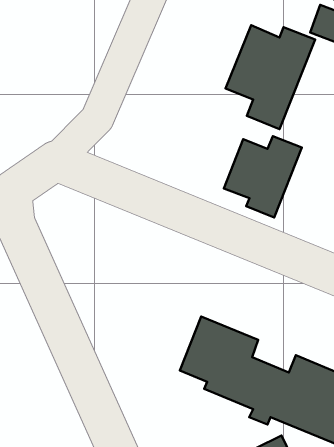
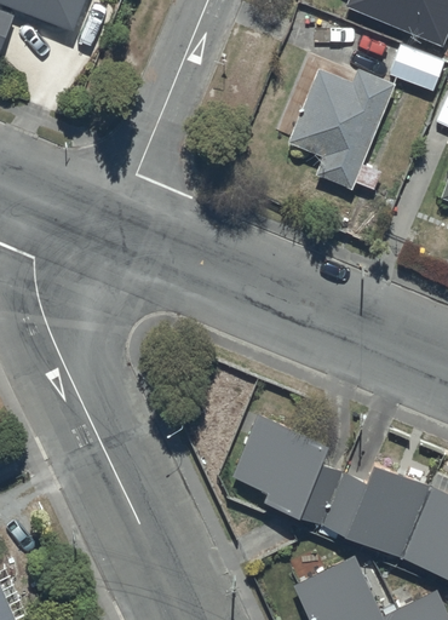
building: [224,136,302,217] -> none

